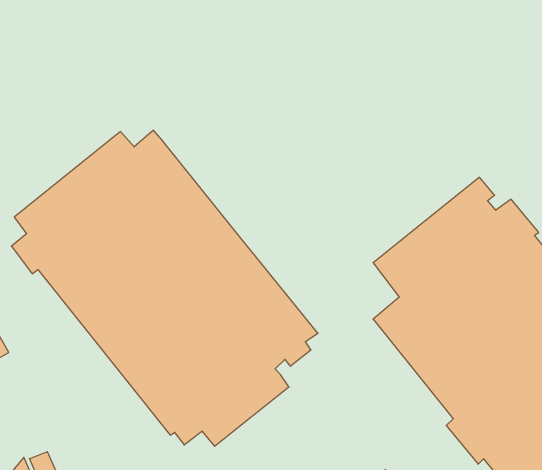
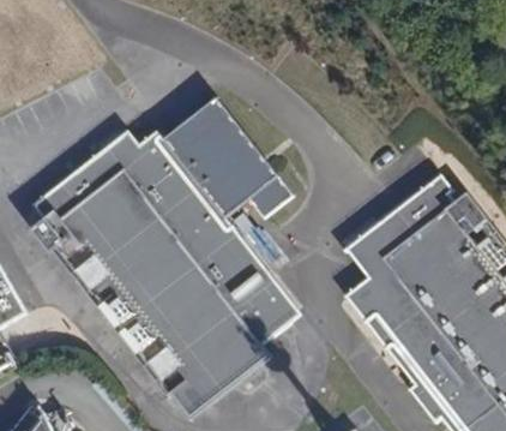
building: none -> [161,97,291,219]

